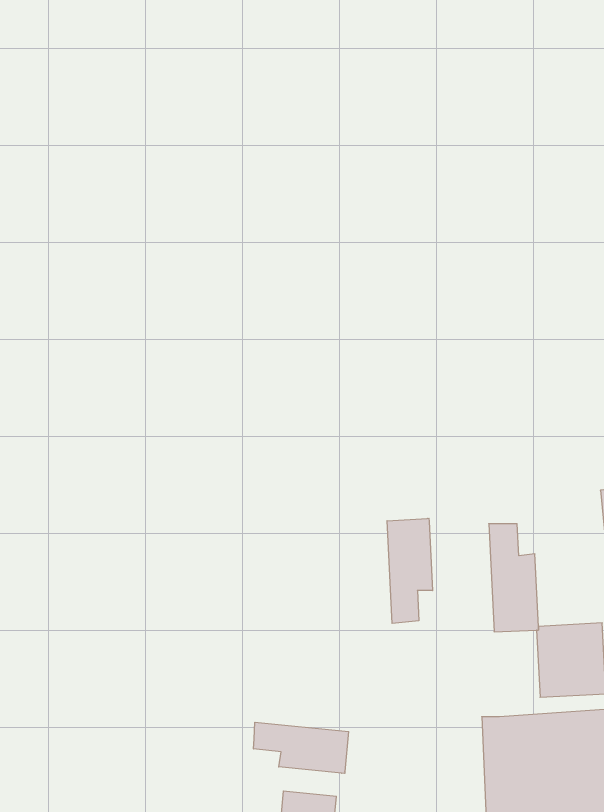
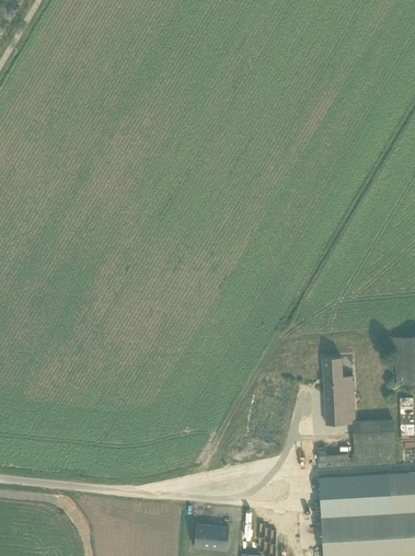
building: [387,518,433,623] -> none
building: [254,722,349,773] -> none

